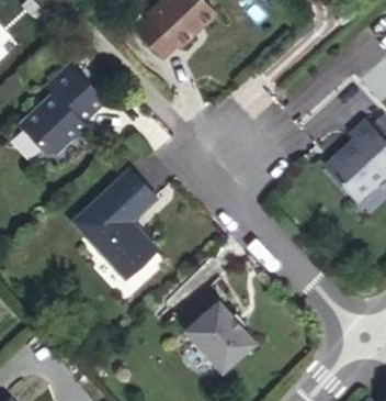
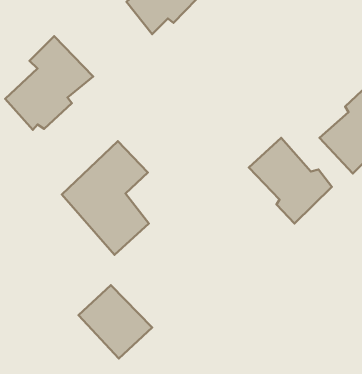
building: none -> [249,138,332,224]
building: [185,298,258,370] -> [79,285,152,359]

